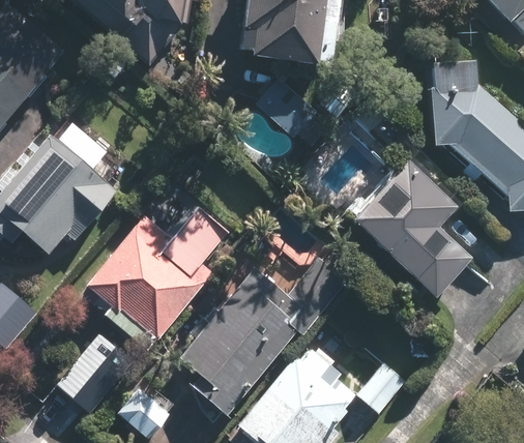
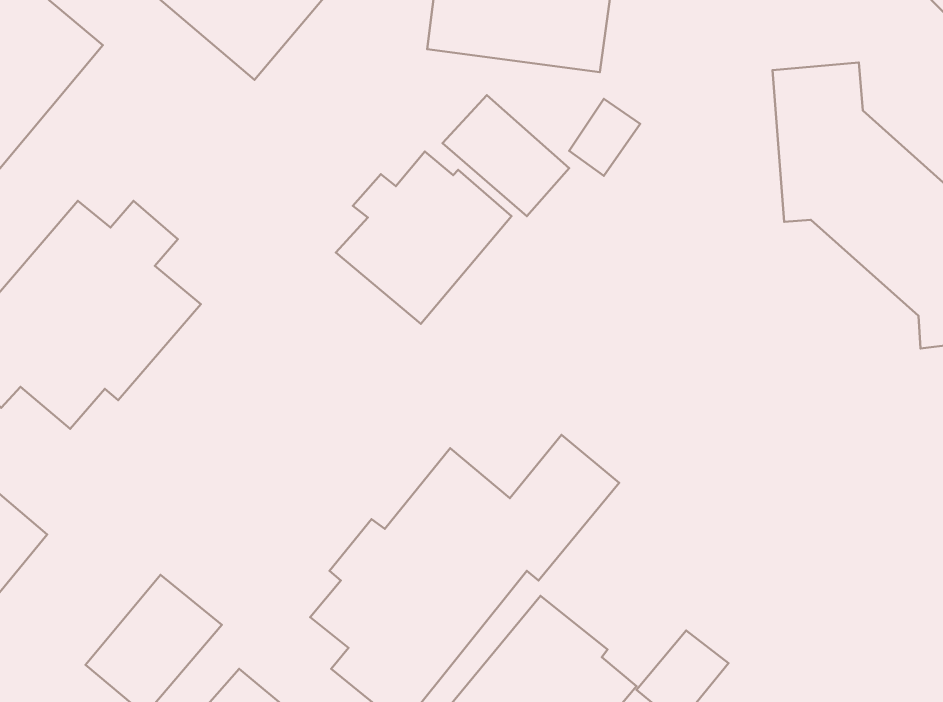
building: none -> [336,151,512,324]
building: [355,160,472,297] -> none
building: [86,206,229,351] -> none

